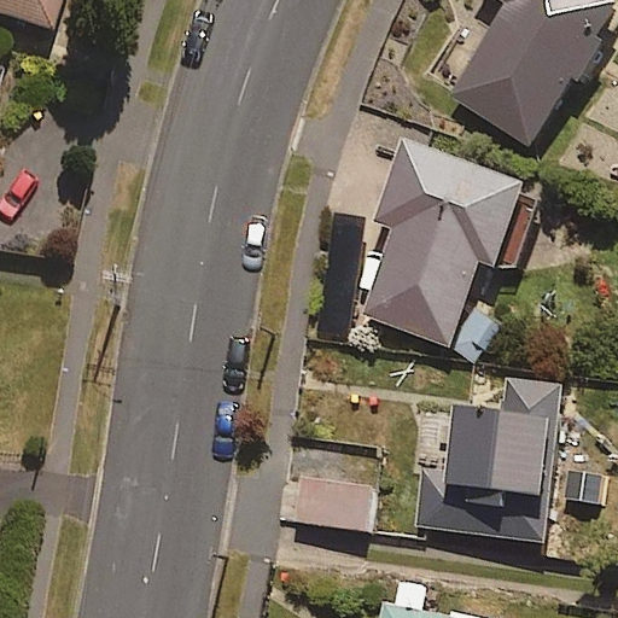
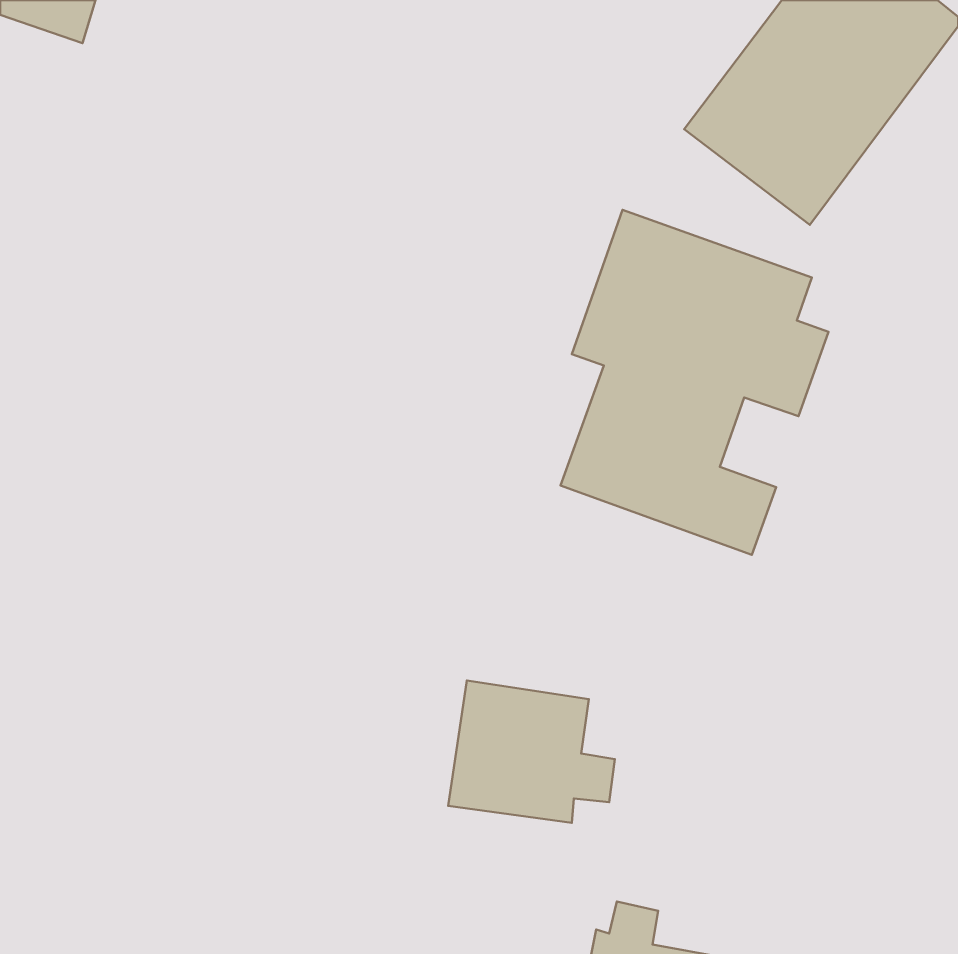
building: [414,375,565,542] -> none

